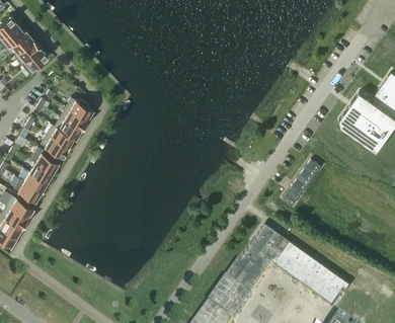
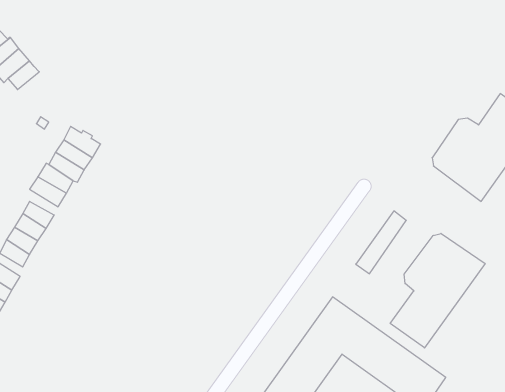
building: none -> [390,233,485,348]

